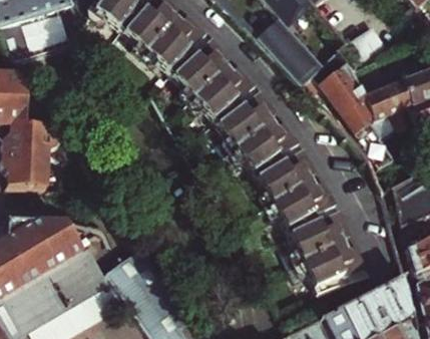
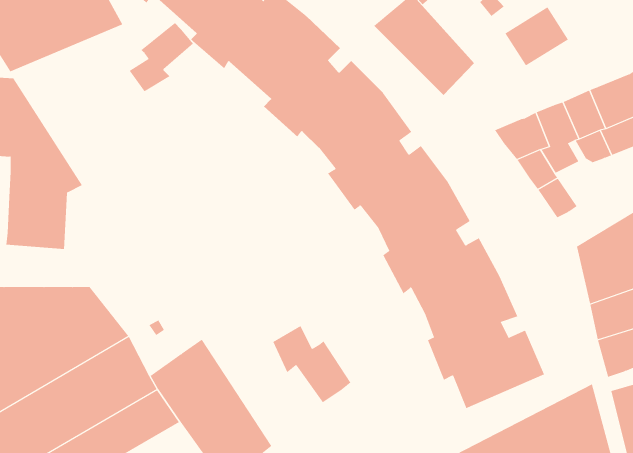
building: none -> [129,22,194,92]
building: [317,66,355,107] -> none
building: none -> [272,325,351,403]

